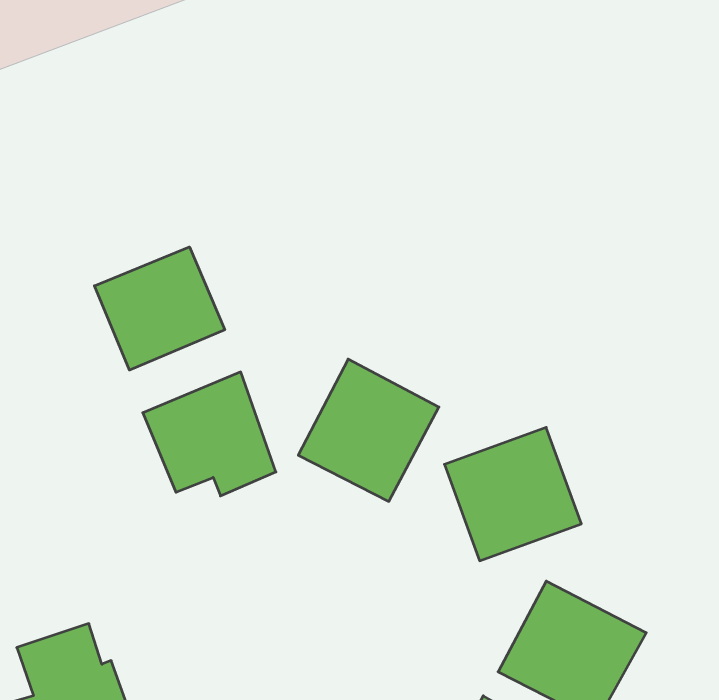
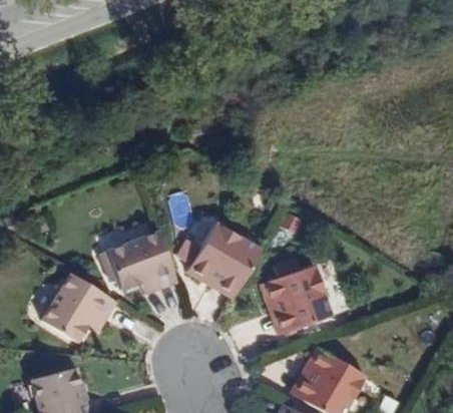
building: [94,247,225,370] -> none
building: none -> [38,274,112,342]

